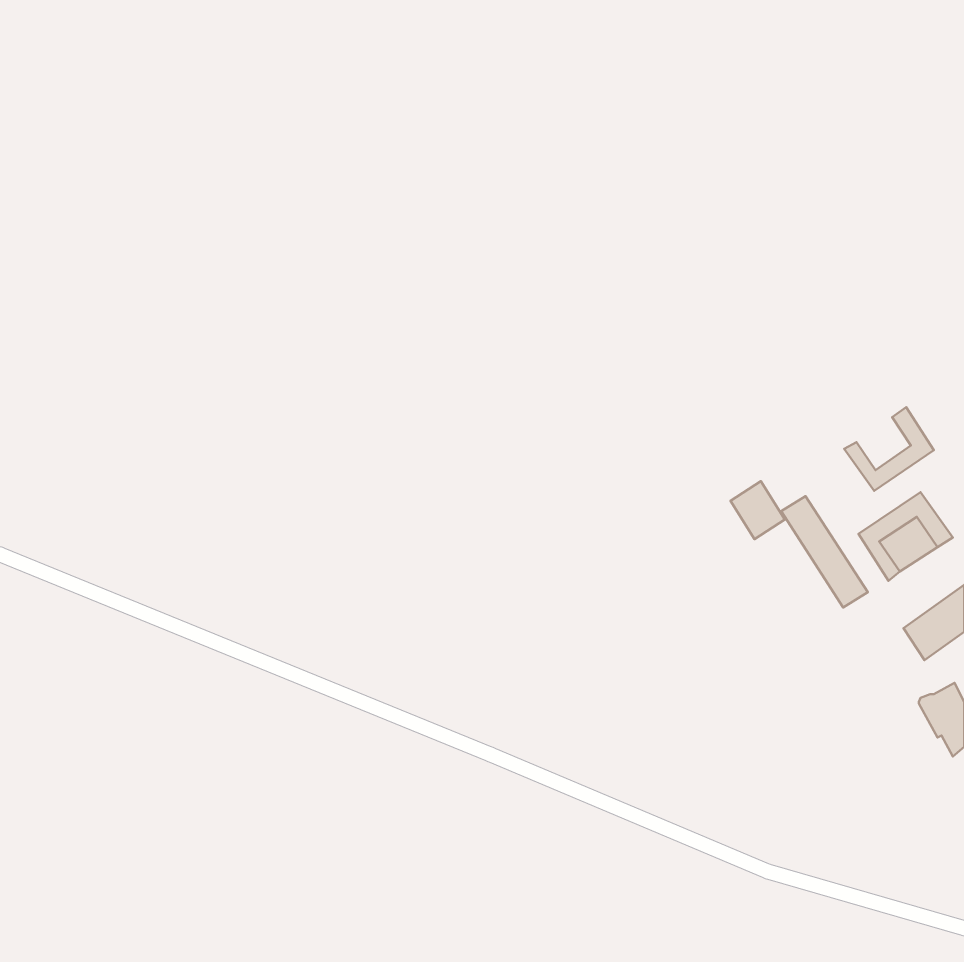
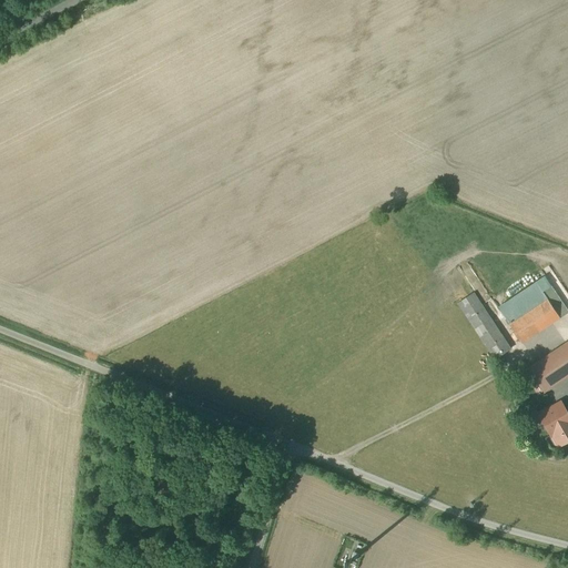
building: [844,407,934,491] -> none
building: [730,481,785,539] -> none

